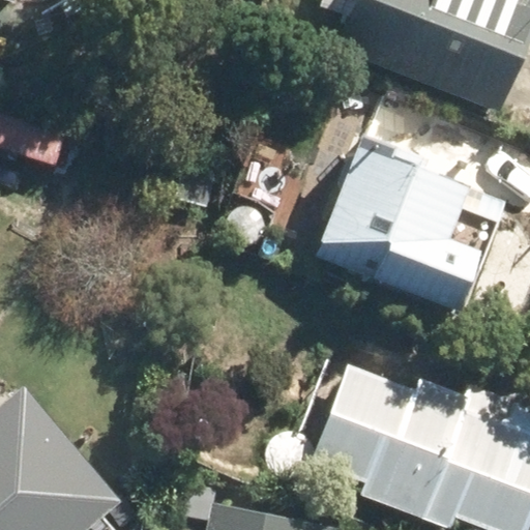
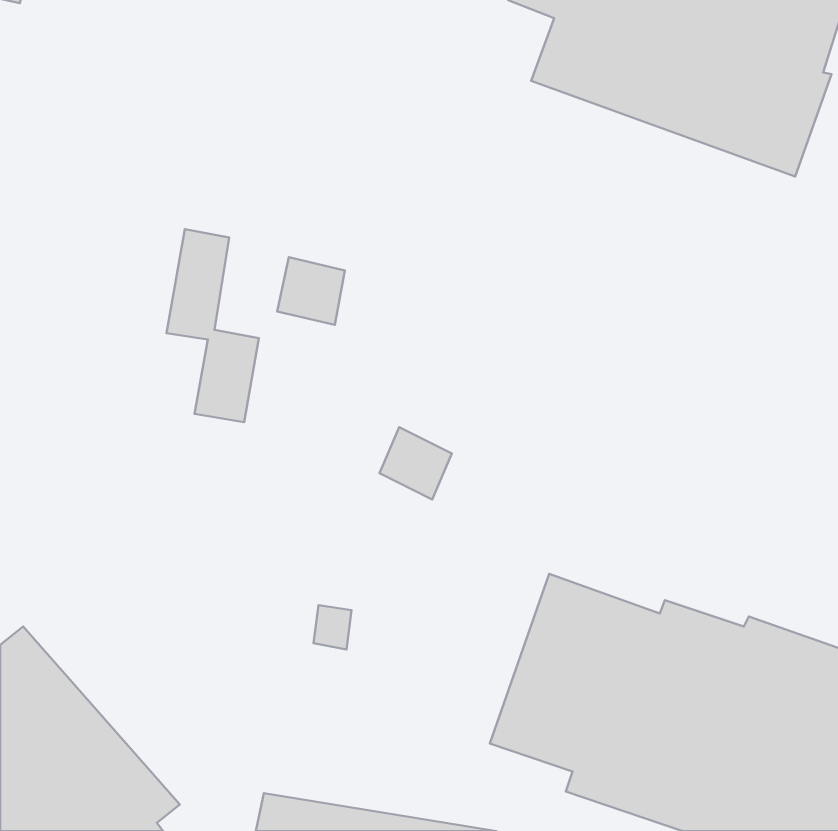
building: [316,139,510,320] -> none

